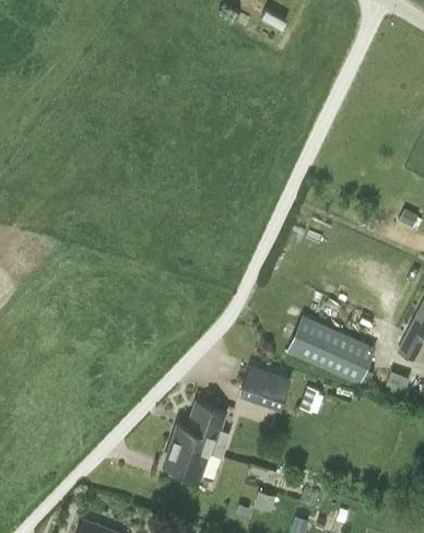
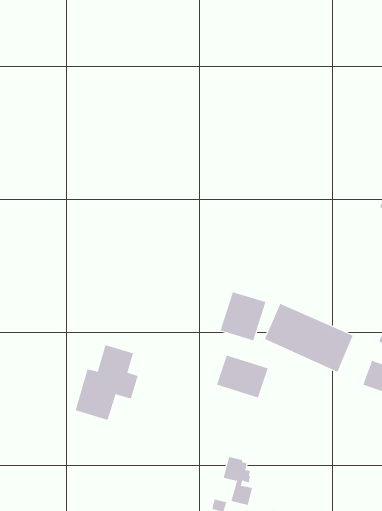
building: none -> [220,291,266,341]
building: [160,399,222,473] -> [75,344,138,420]

